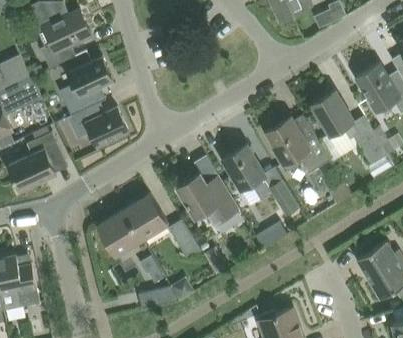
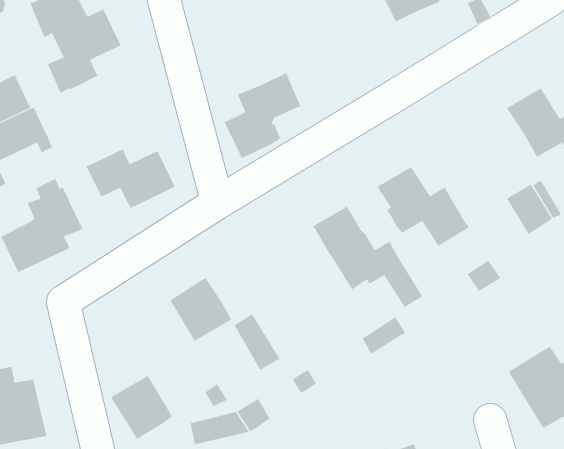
building: [59,57,112,116] -> [224,73,301,159]
building: [310,91,360,139] -> none
building: [176,173,238,225] -> none
building: [98,210,141,254] -> [110,375,173,439]

